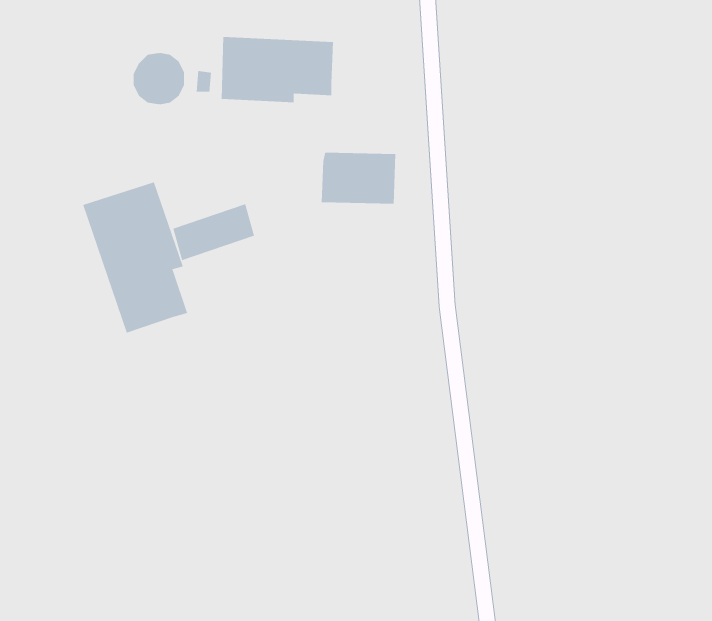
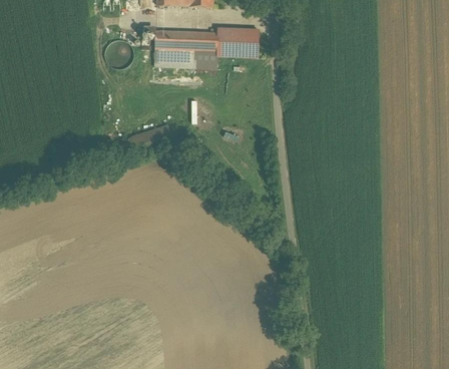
building: [321,152,396,204] -> [215,27,258,56]
building: [82,182,188,333] -> none

